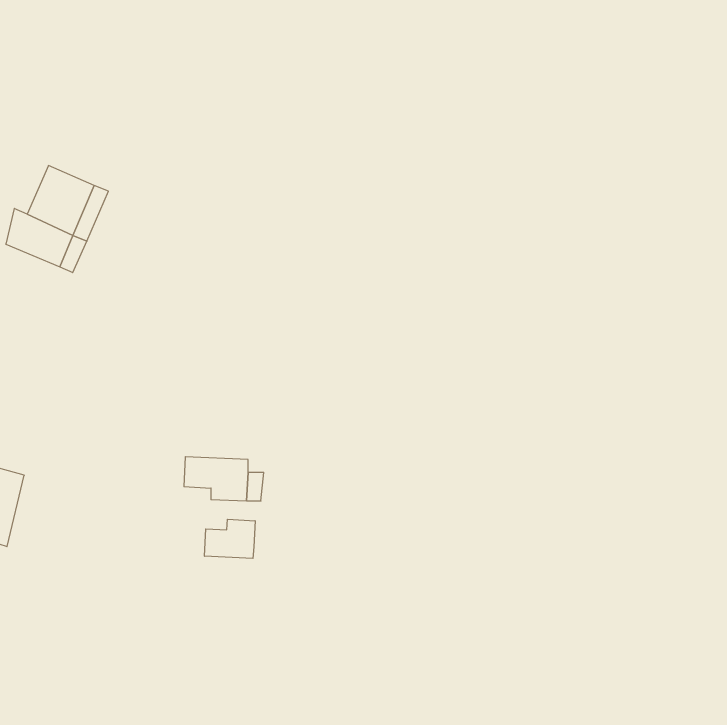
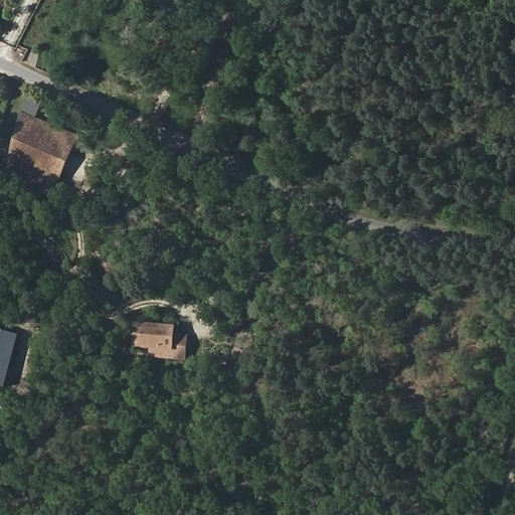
building: none -> [10,111,34,151]
building: [205,519,255,558] -> none

